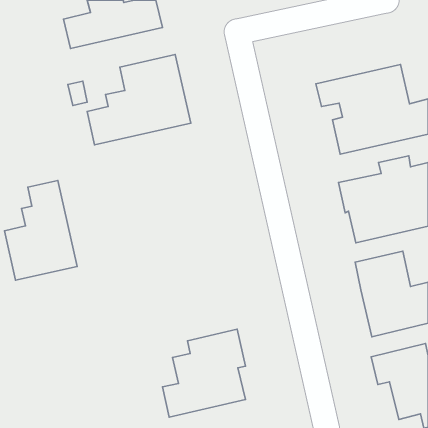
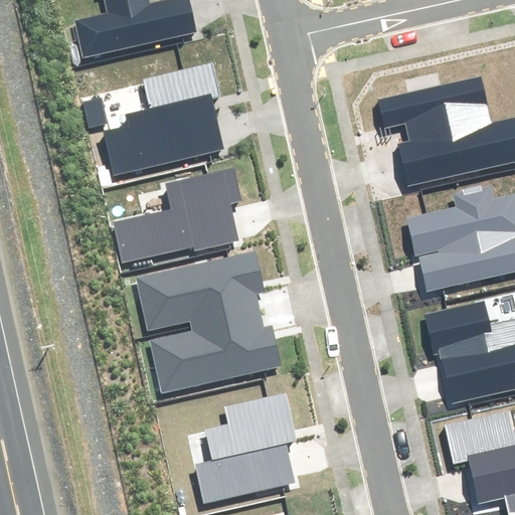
building: none -> [115,169,240,261]
building: [4,180,77,280] -> none
building: none -> [139,252,281,392]

